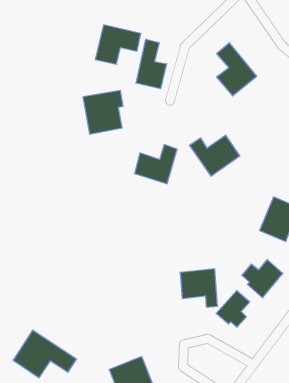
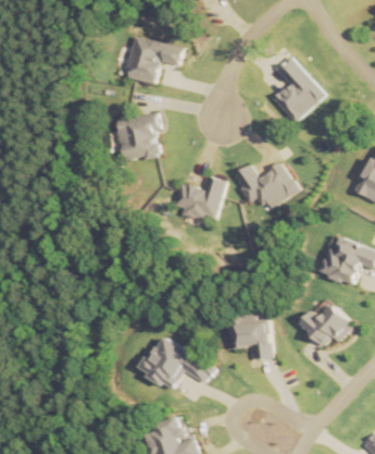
building: [136,39,167,89] -> none
building: [216,291,250,327] -> none
building: [13,330,77,378] -> [134,333,208,389]

